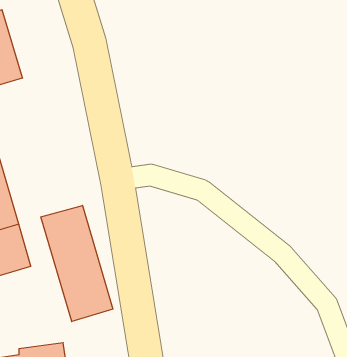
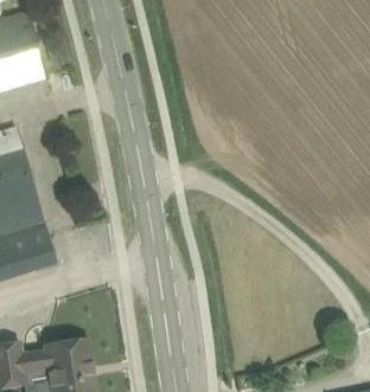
building: [41,205,113,322] -> none

